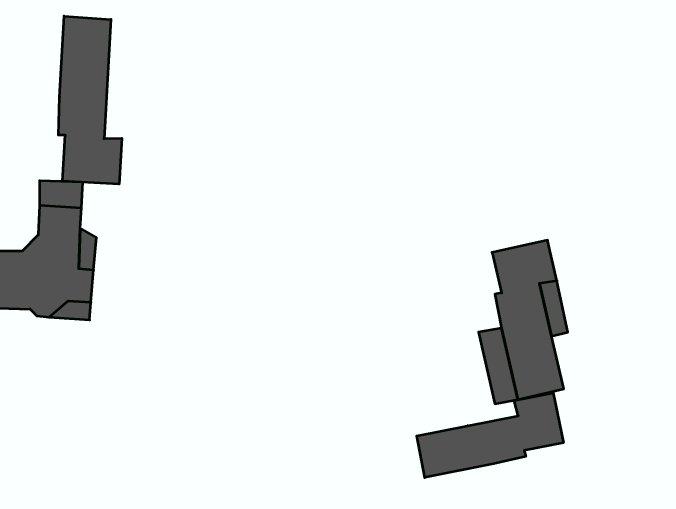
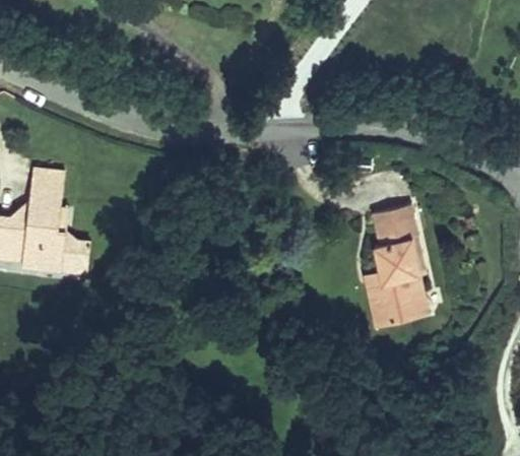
building: [58,16,122,184] -> none
building: [417,393,563,478] -> none

